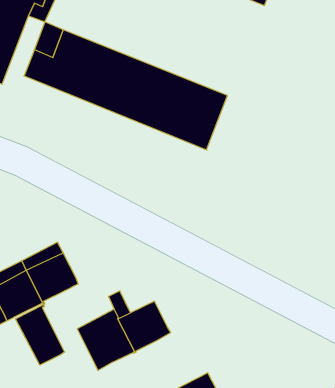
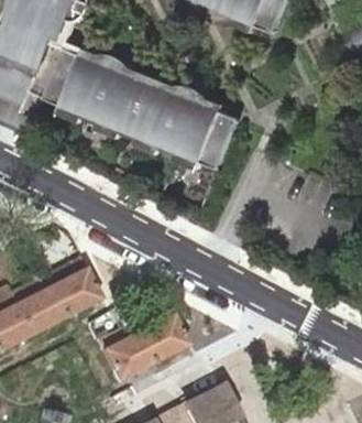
building: [16,305,65,365] -> none

